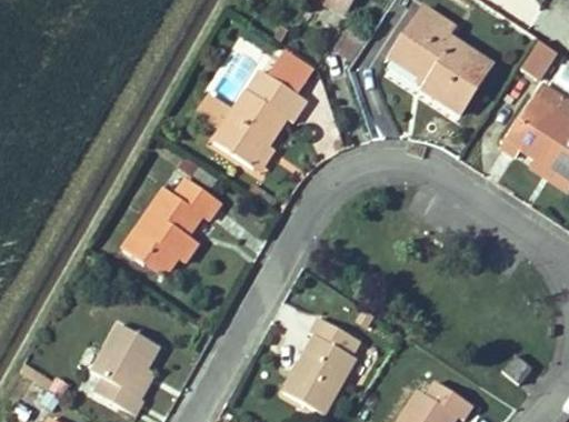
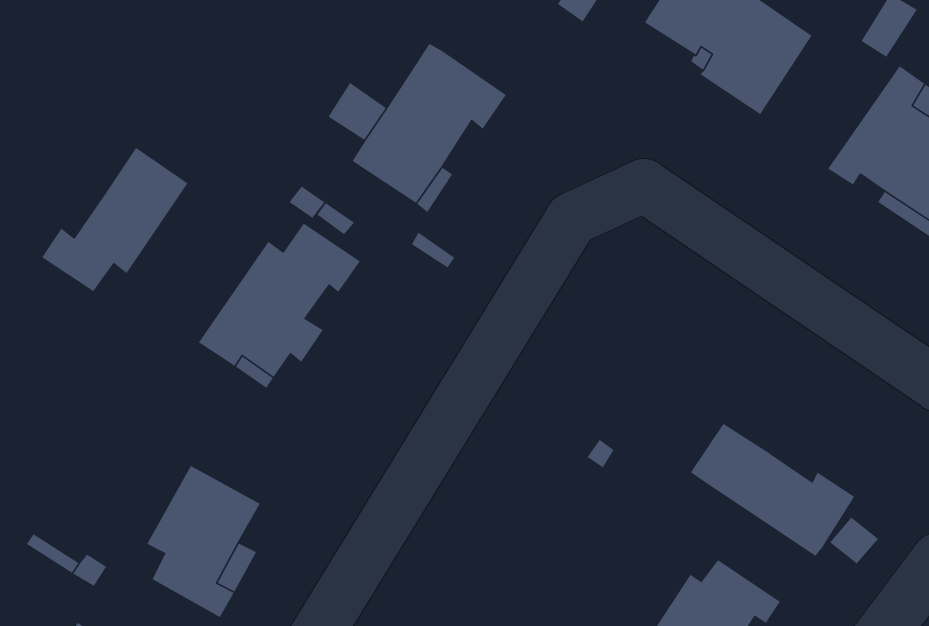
building: [269,51,313,94] -> none
building: none -> [41,147,189,292]
building: none -> [690,423,855,557]
building: [282,316,359,414] -> none

